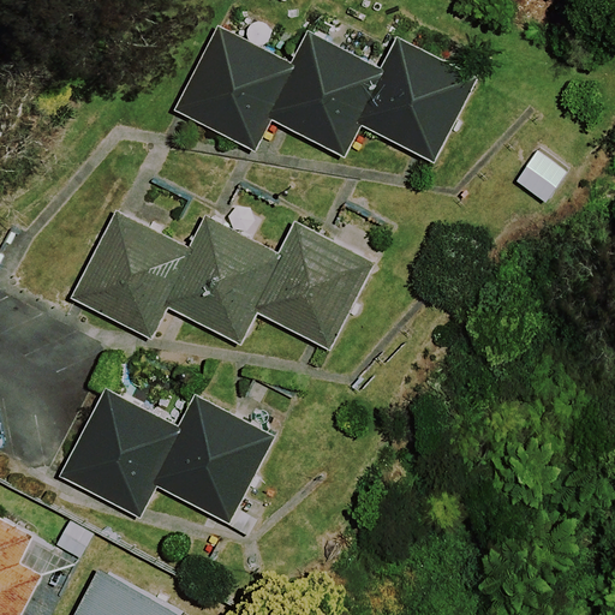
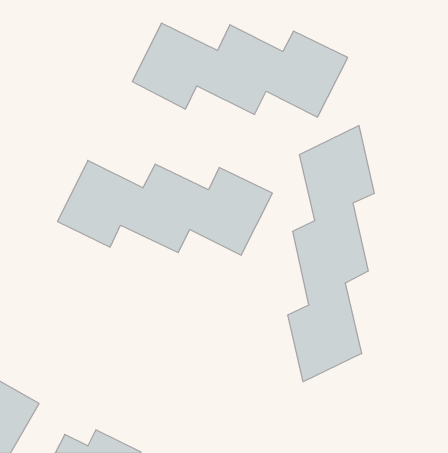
building: none -> [288,125,374,382]
building: [60,390,268,518] -> none

